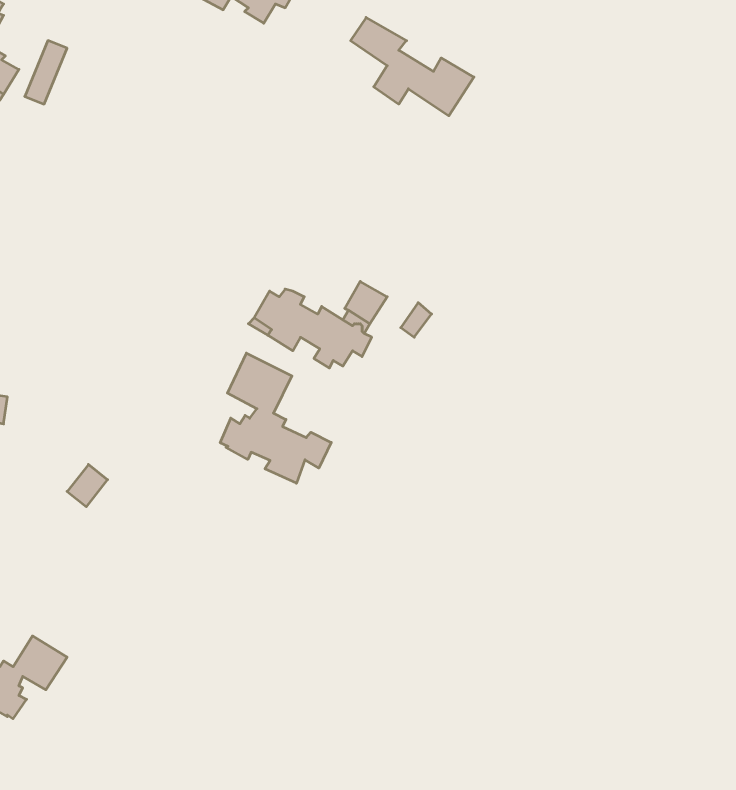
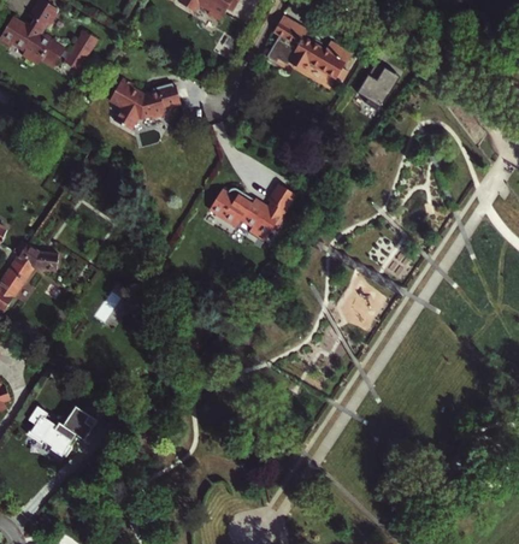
building: none -> [355,64,396,113]
building: none -> [114,78,183,130]
building: [220,353,331,483] -> none

